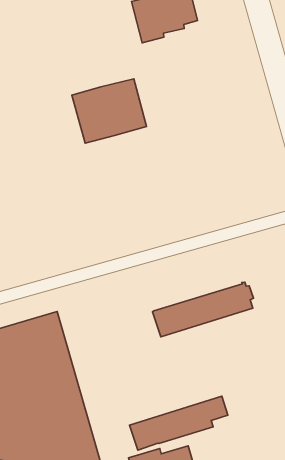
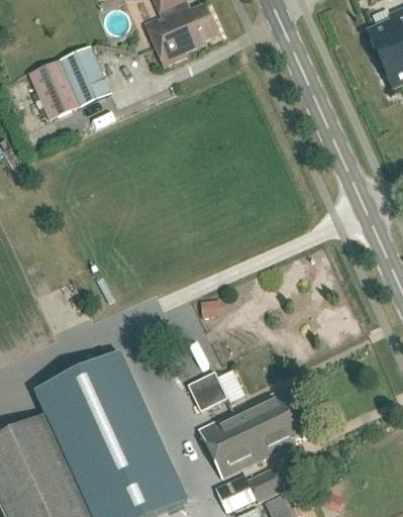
building: [72,79,147,143] -> [29,46,110,119]
building: [153,282,253,337] -> [198,387,299,455]
building: none -> [187,372,227,411]

